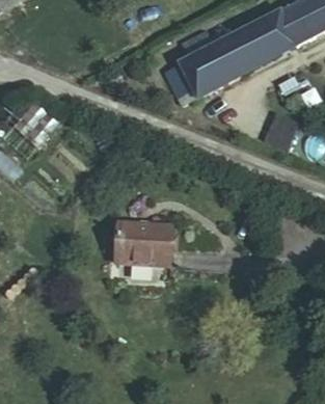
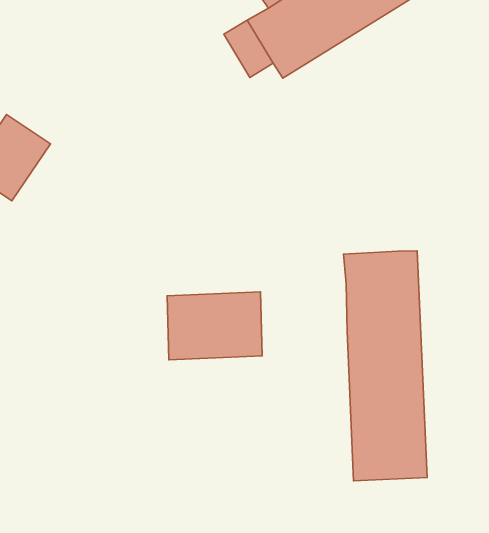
building: none -> [344,251,427,481]

